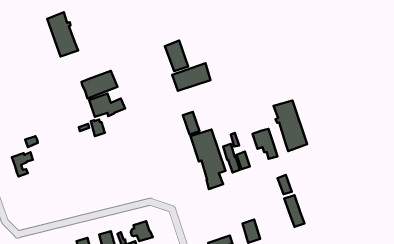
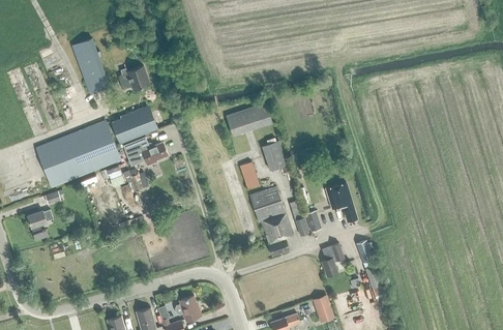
building: none -> [118,65,150,91]
building: [165,41,188,71] -> none
building: none -> [36,121,121,188]
building: none -> [262,140,287,171]
building: [274,100,307,151] -> none
building: none -> [321,244,343,276]

